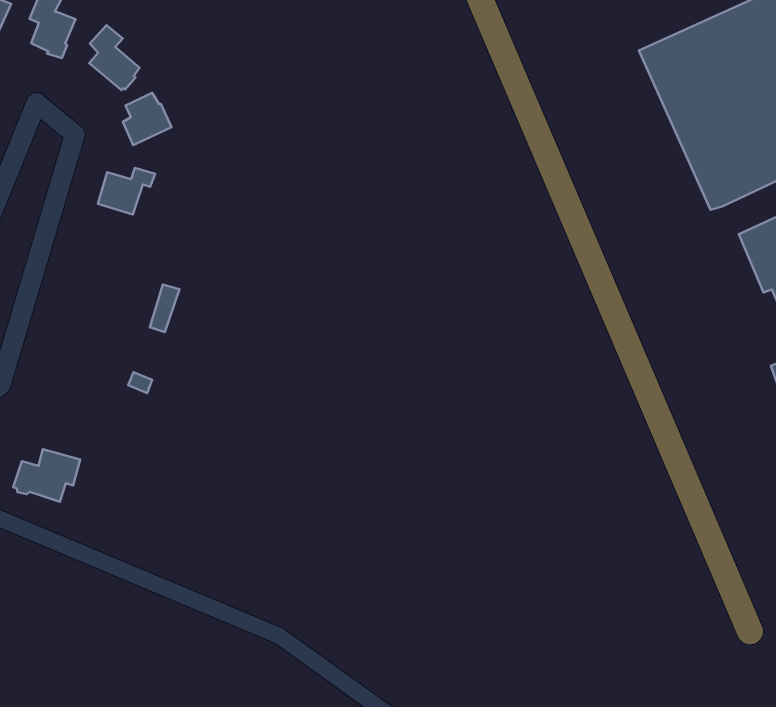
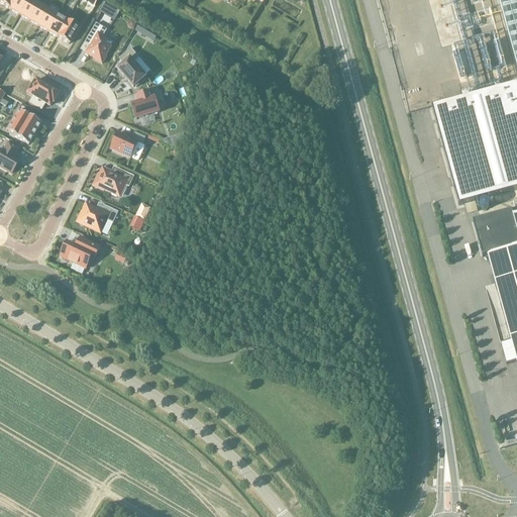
building: none -> [94,166,134,193]
building: none -> [78,201,119,229]
building: [13,449,80,502] -> [61,234,101,266]

